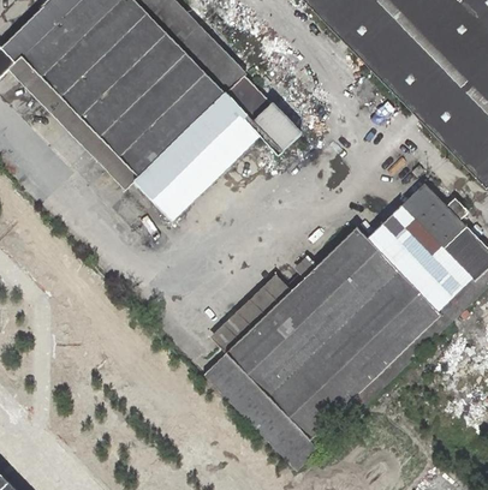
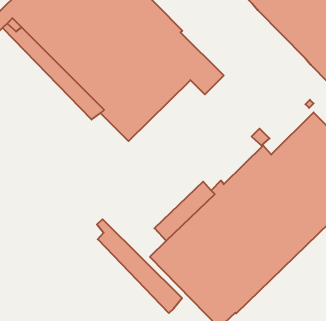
building: none -> [97,219,182,313]

